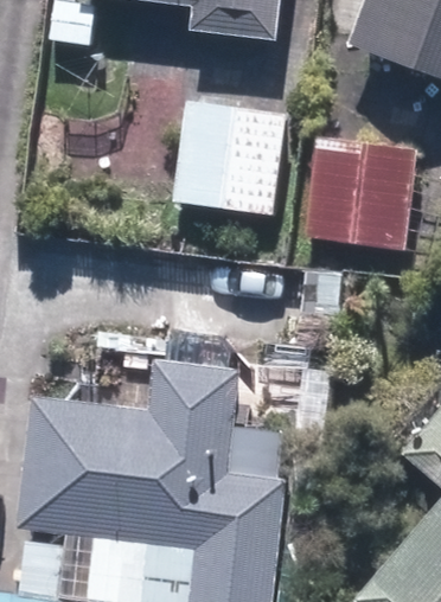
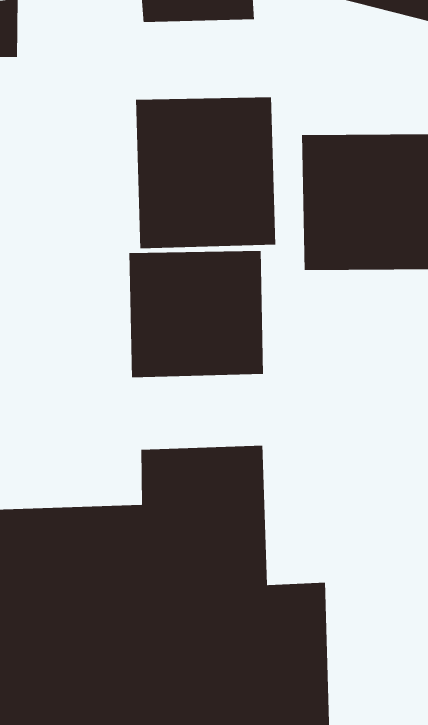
building: none -> [129,250,264,378]

